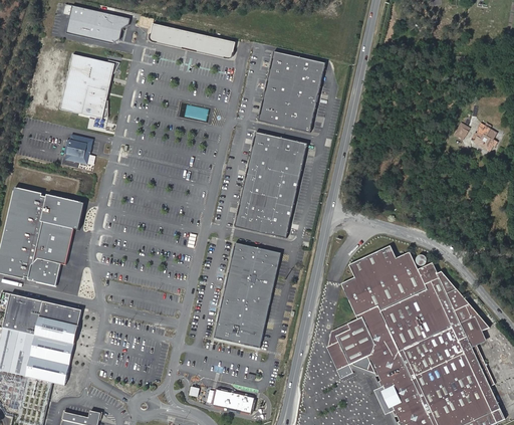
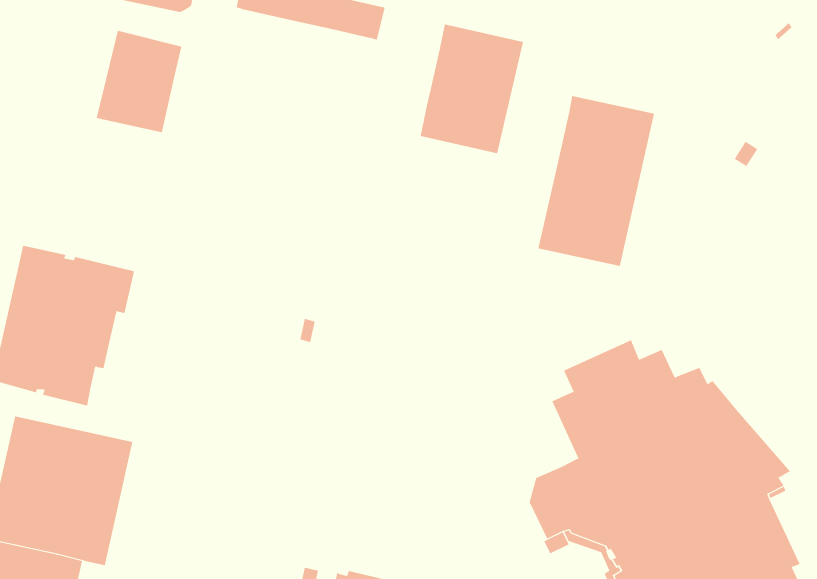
building: [473,122,496,151] -> none
building: [235,132,307,237] -> [537,96,655,267]
building: [63,133,93,164] -> none
building: [214,241,280,347] -> none

